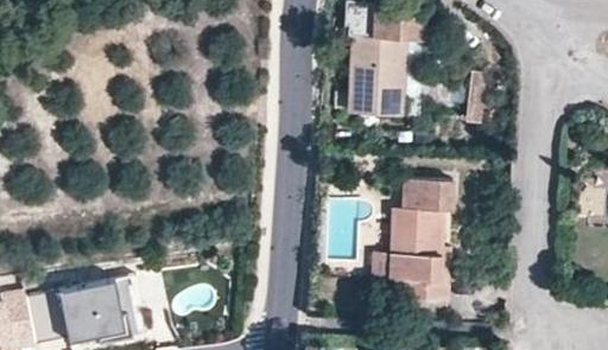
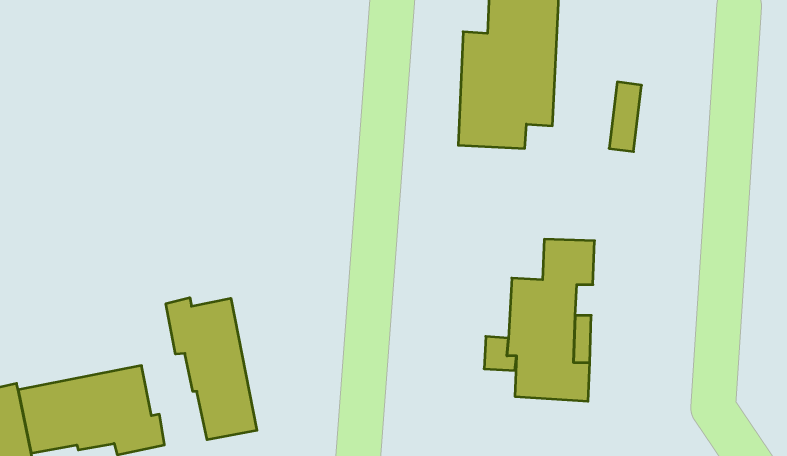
building: none -> [166,298,257,440]

